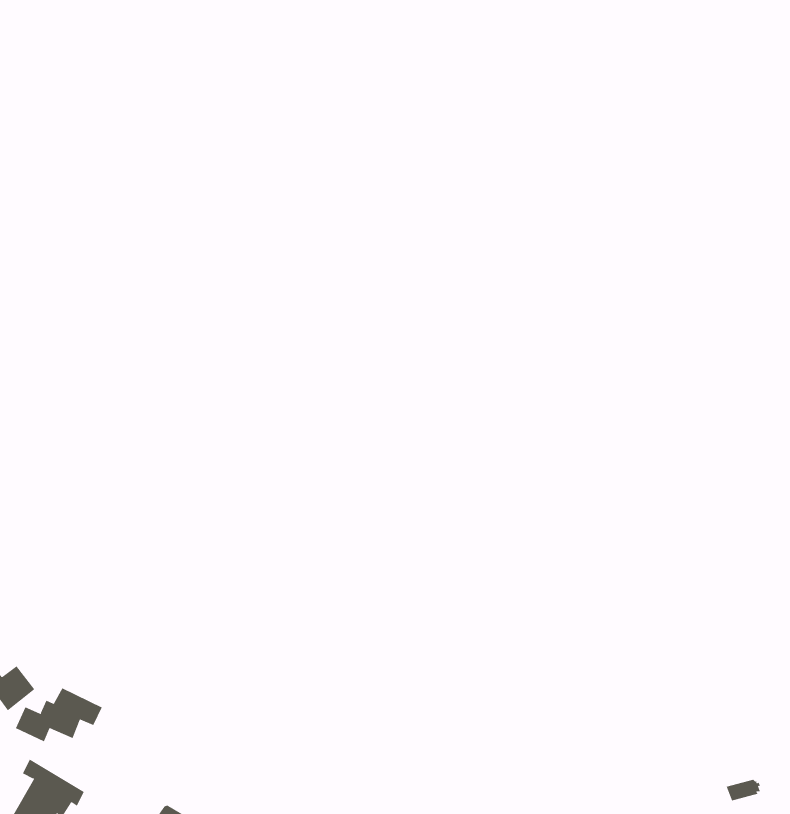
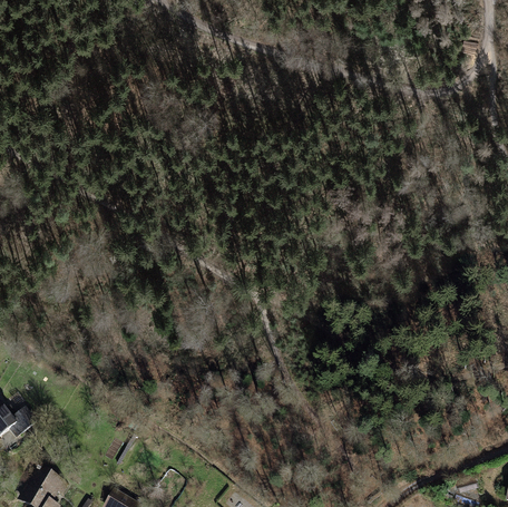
building: [15,688,103,742] -> none

